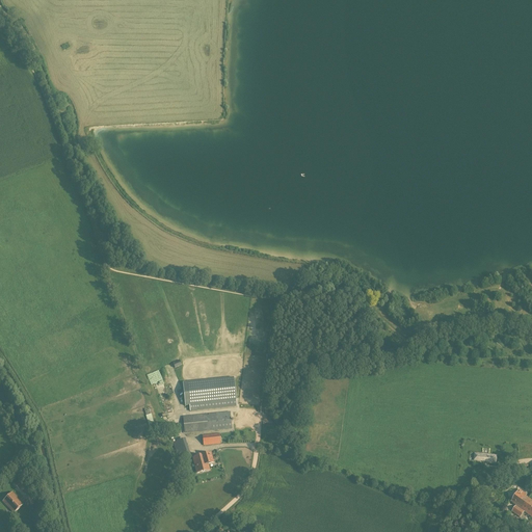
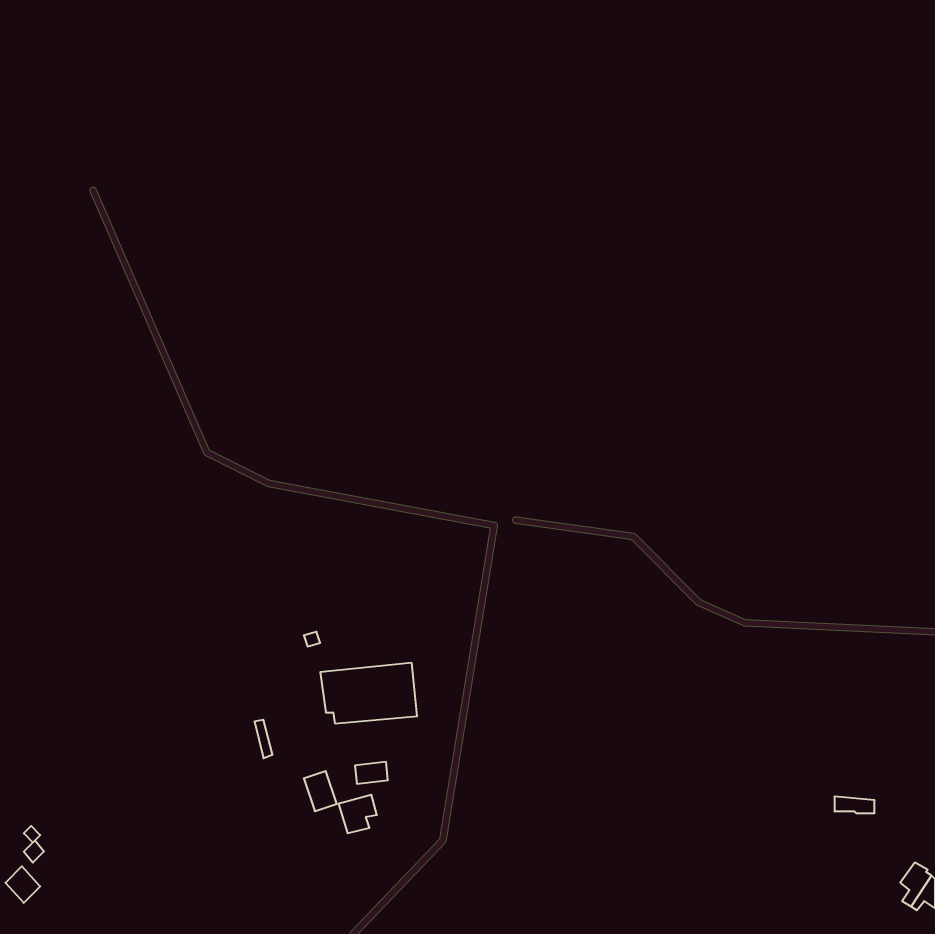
building: [183,410,232,432] -> none

